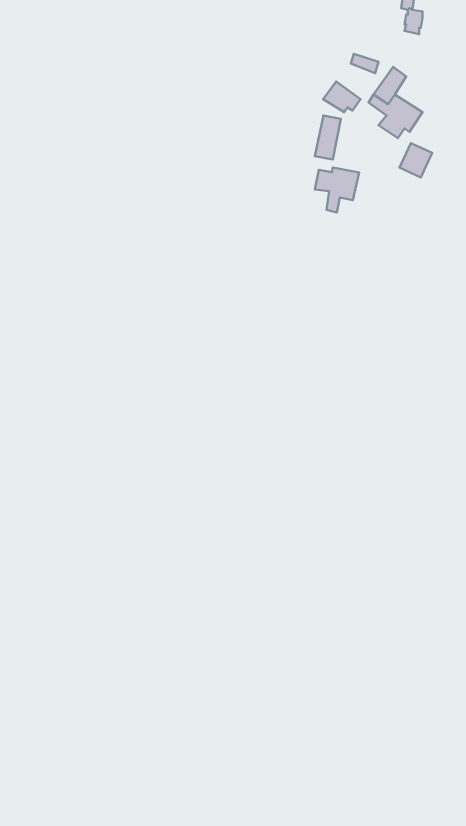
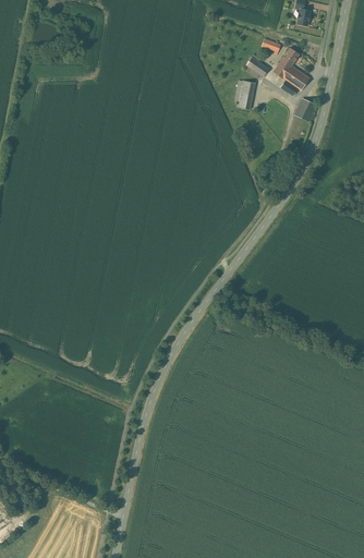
building: [315,167,359,212] -> none

